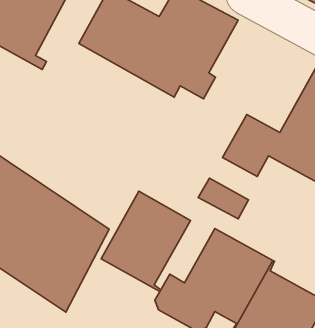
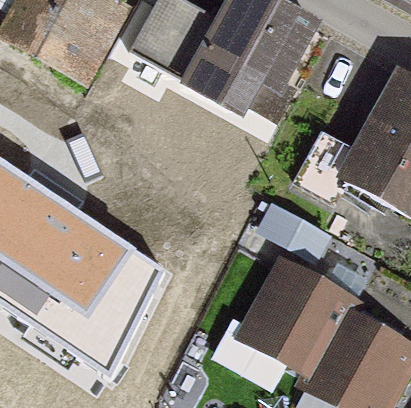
building: [101,191,190,292] -> none

